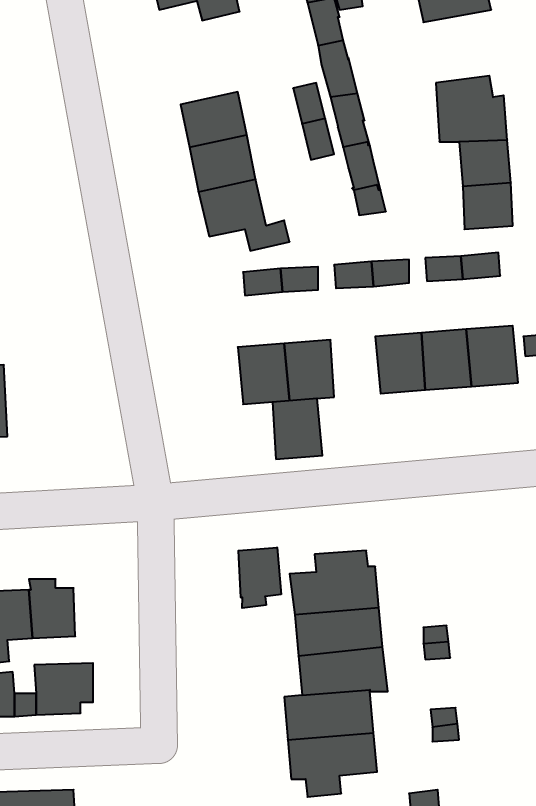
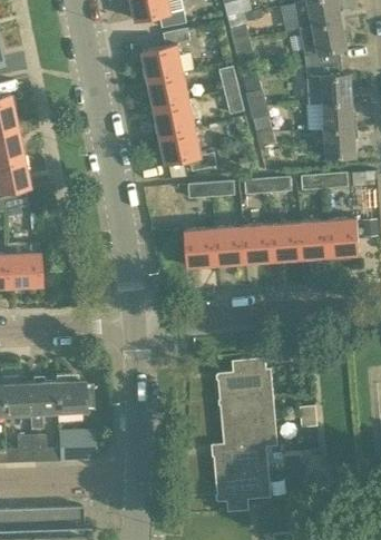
building: none -> [300,21,348,67]
building: none -> [141,29,189,80]
building: [272,398,322,459] -> [242,225,273,263]
building: [238,547,281,608] -> none

